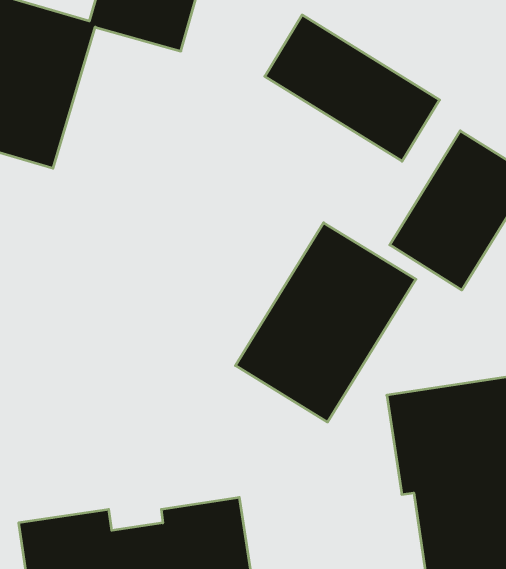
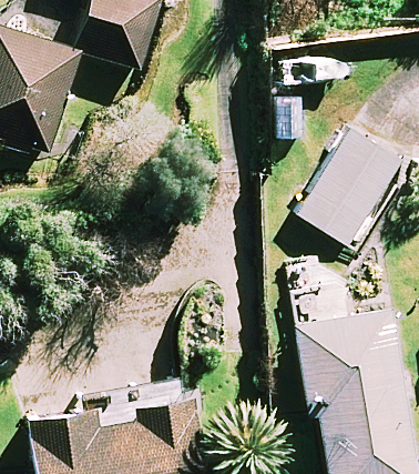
building: [265,15,440,161] -> none
building: [235,223,416,422] -> none

